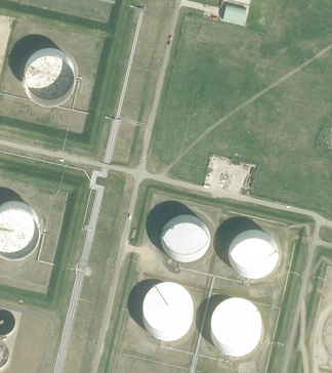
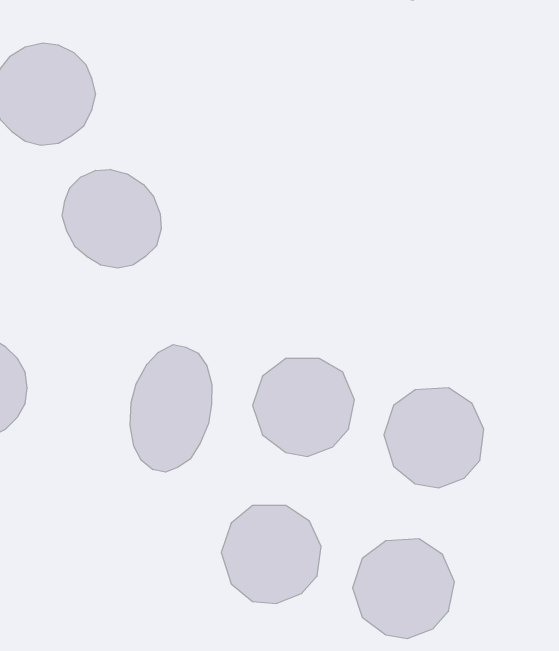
building: none -> [62,169,161,268]
building: none -> [130,345,212,472]

